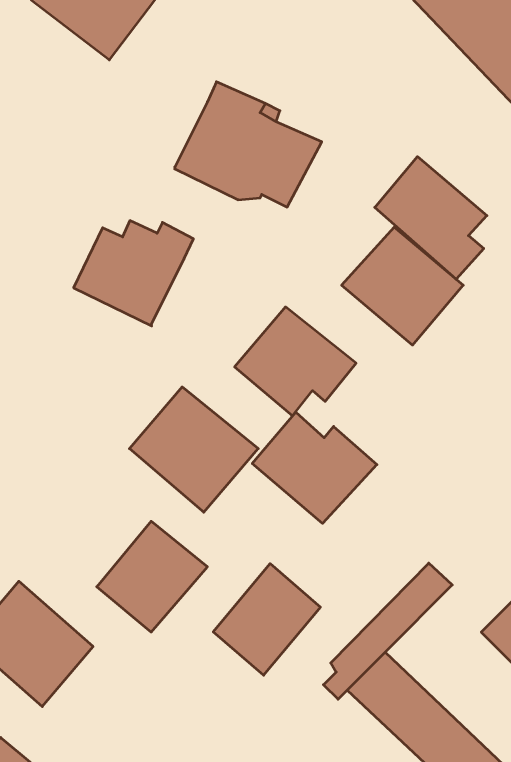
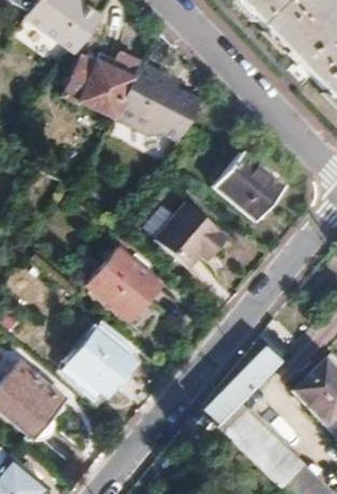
building: [375,157,487,279] -> none
building: [74,221,193,326] -> [66,54,138,117]
building: [252,412,377,523] -> none
building: [213,564,320,675] -> none

